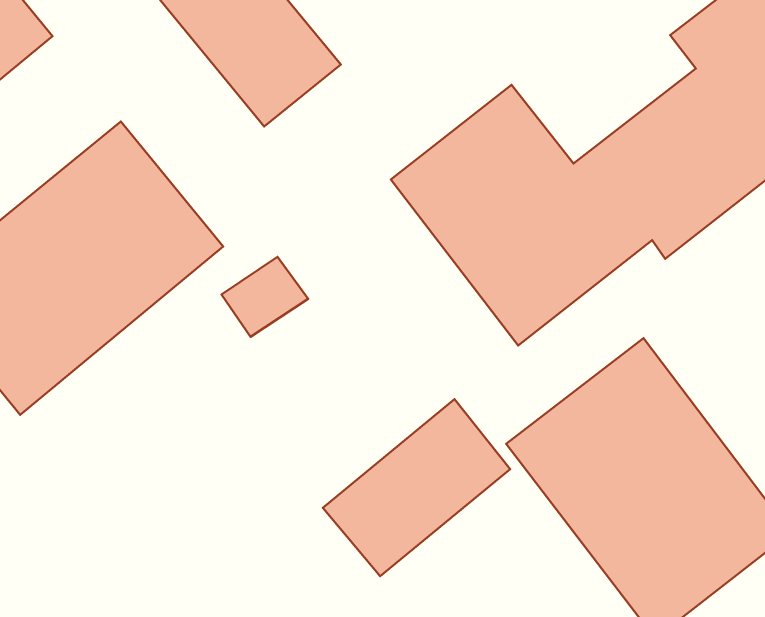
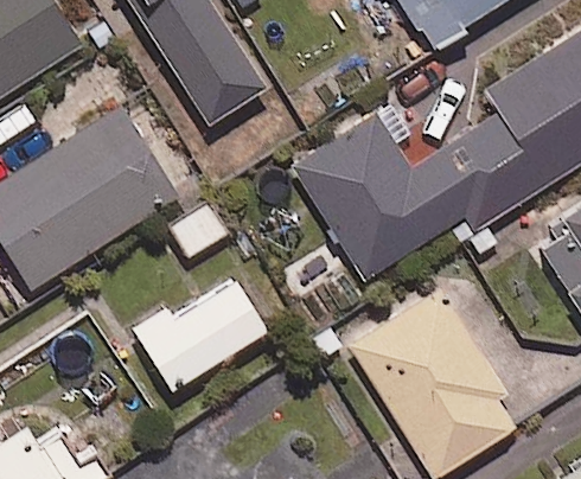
building: [323,399,510,576] -> [141,281,266,390]

